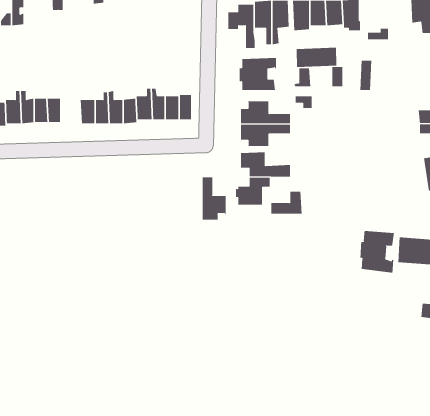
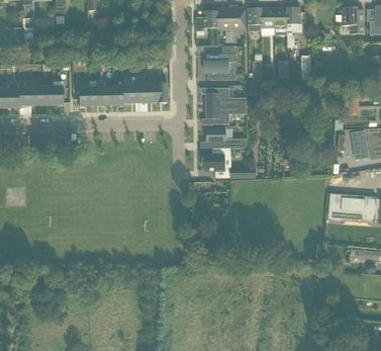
building: [296,47,337,68] -> none
building: [202,177,226,220] -> none
building: [360,230,395,274] -> none

